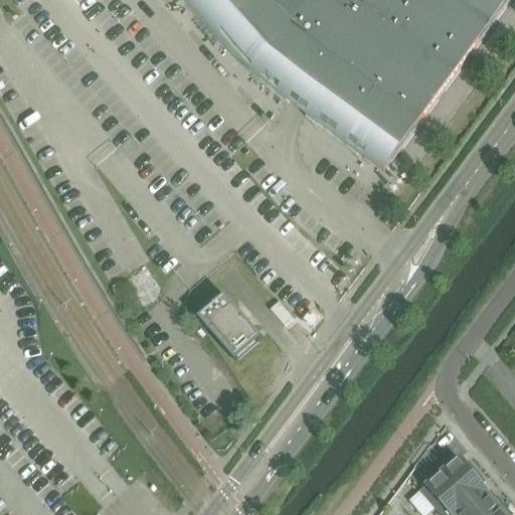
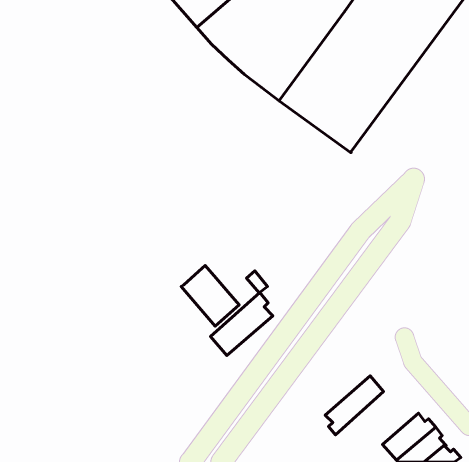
building: none -> [211,293,273,355]
building: none -> [325,376,384,435]

